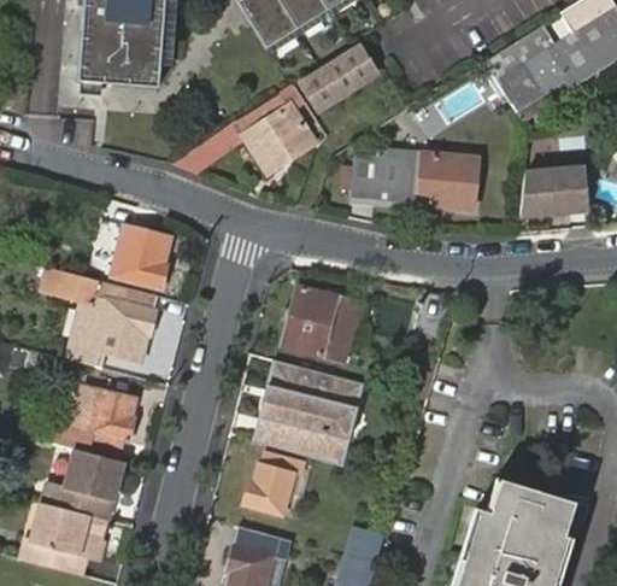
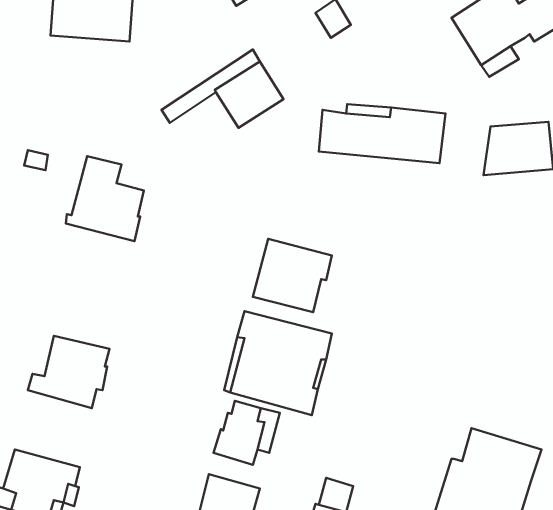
building: [305,55,363,109] -> none
building: [41,266,159,365] -> none
building: [41,447,125,518] -> none

